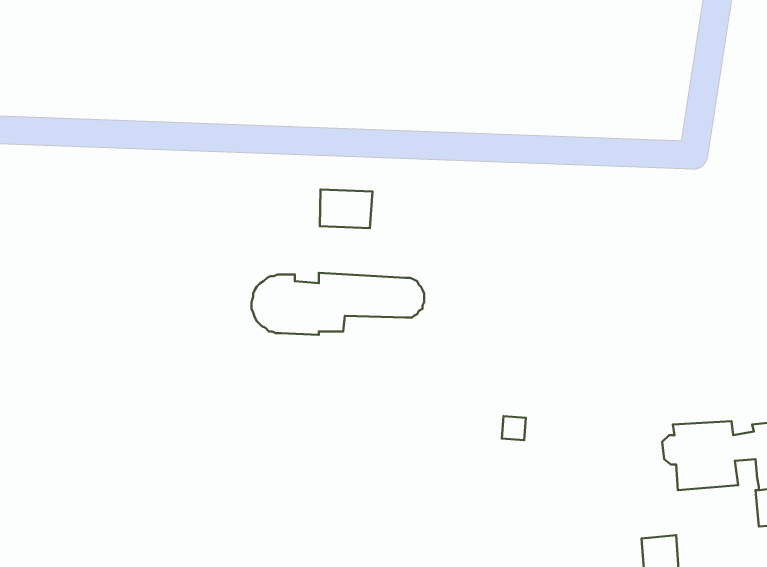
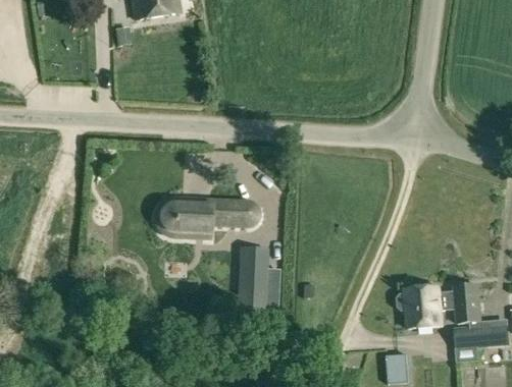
building: [320,190,372,228] -> none
building: none -> [238,247,269,311]

